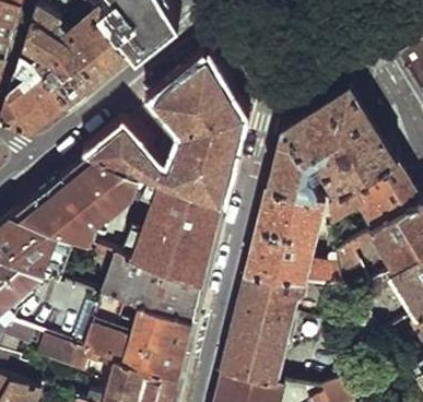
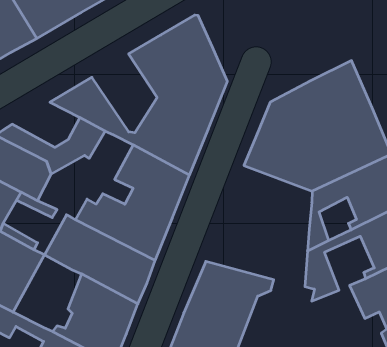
building: [58,157,117,197] -> none
building: [120,178,173,258] -> none
building: [246,189,337,288] -> none
building: [82,293,129,357] -> none

